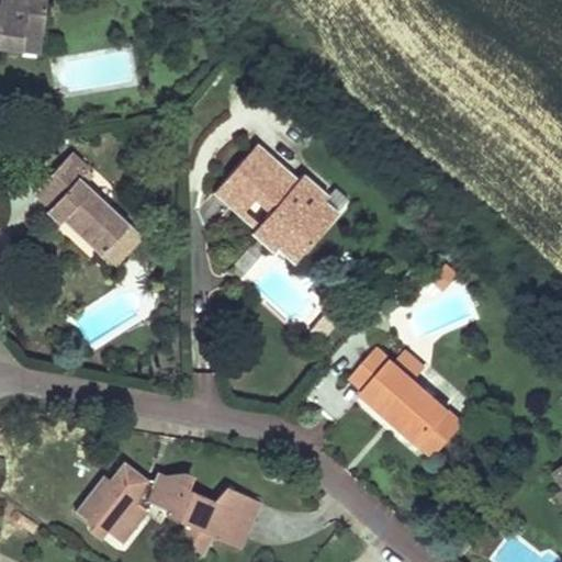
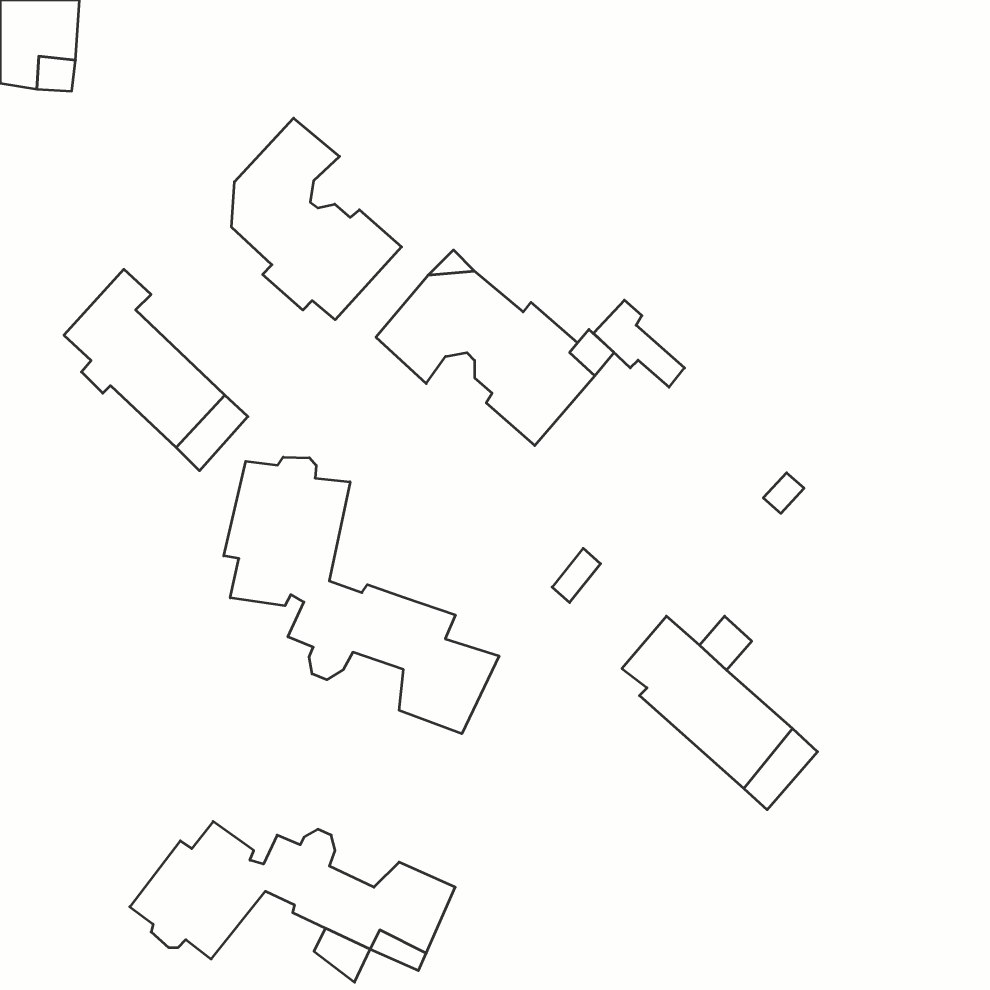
building: none -> [232,118,402,320]
building: [251,214,303,263] -> [593,300,685,387]
building: none -> [224,457,499,734]

